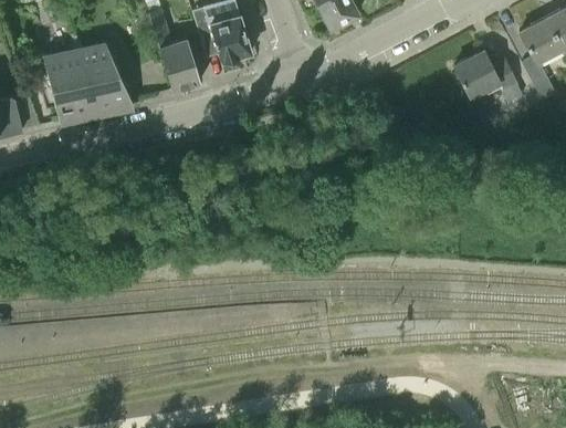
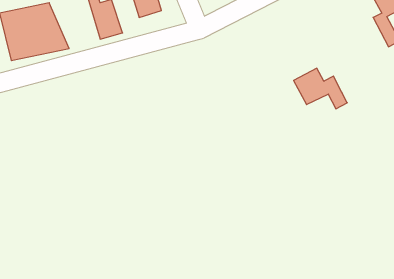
building: [454,50,523,102] -> [294,68,347,109]

